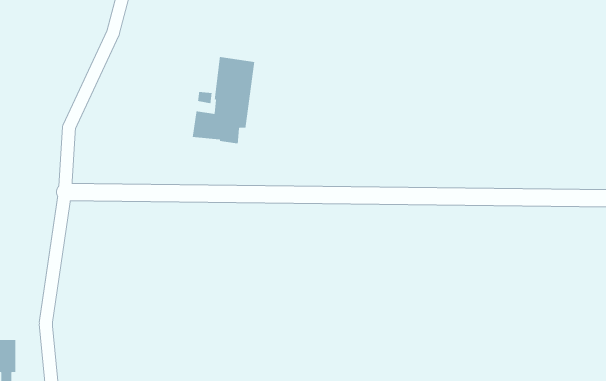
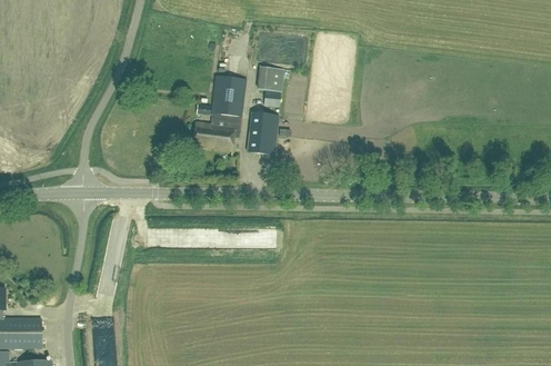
building: none -> [258,67,283,107]
building: none -> [247,111,279,155]

